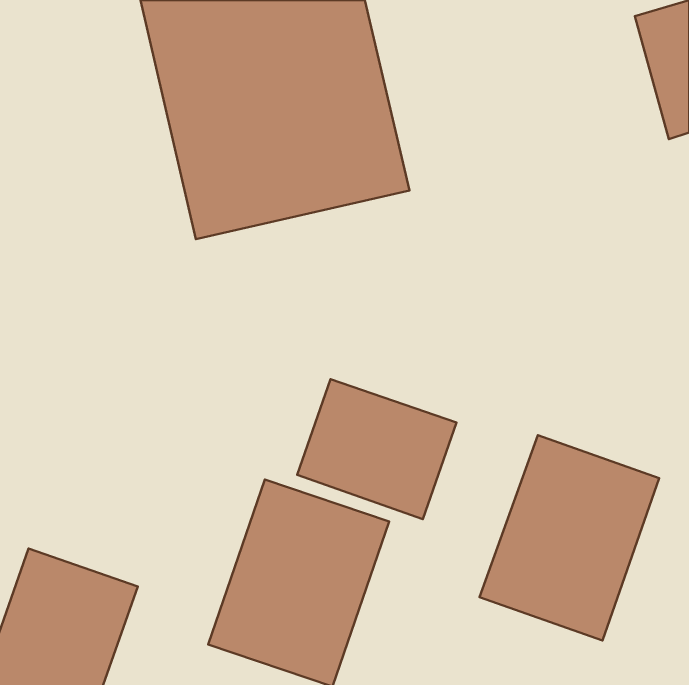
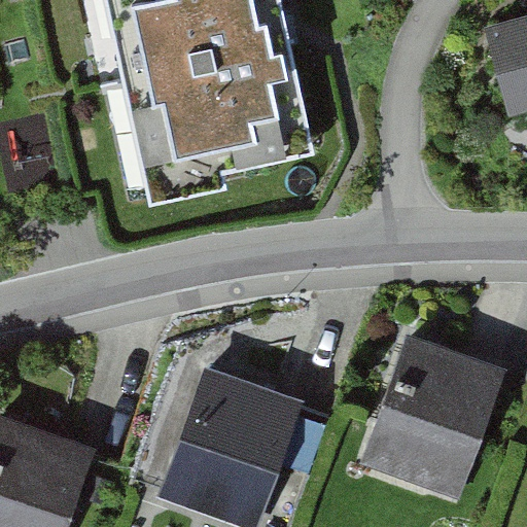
building: [297,379,457,519] -> none

